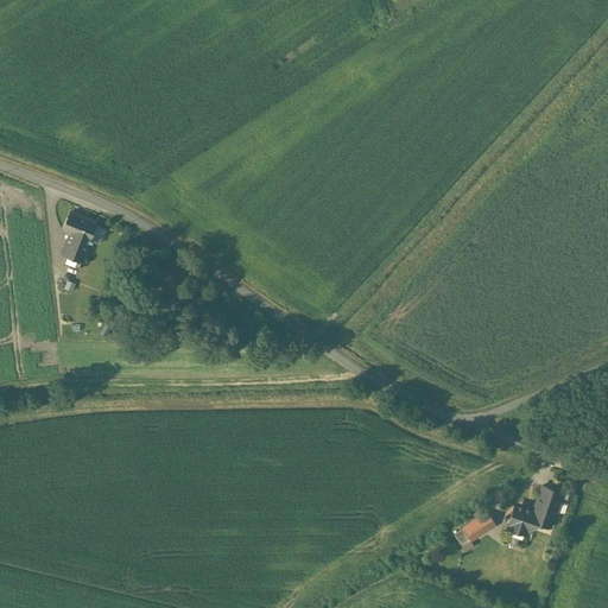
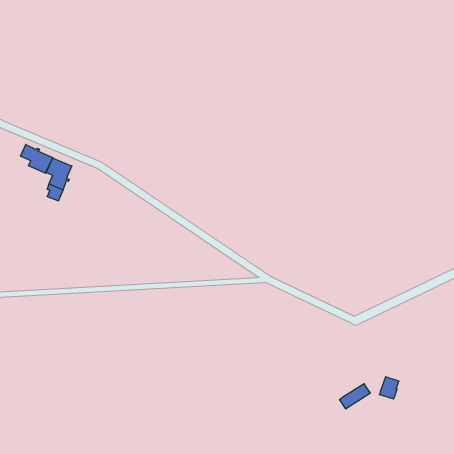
building: none -> [21,144,53,173]
building: [530,484,562,527] -> none

